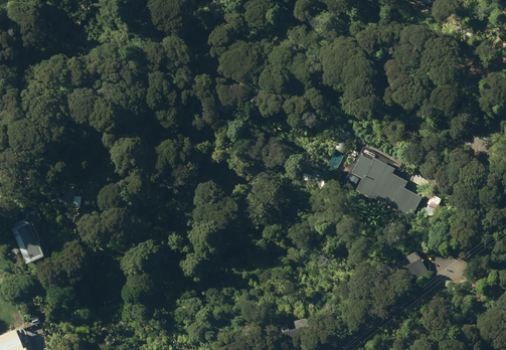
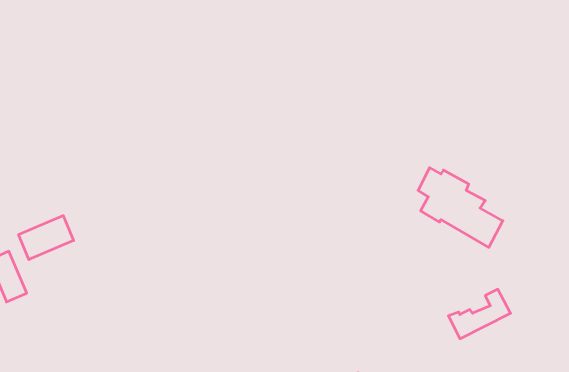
building: none -> [19,216,74,260]

